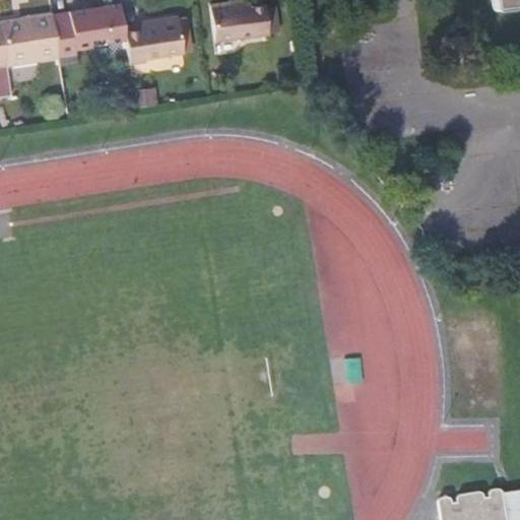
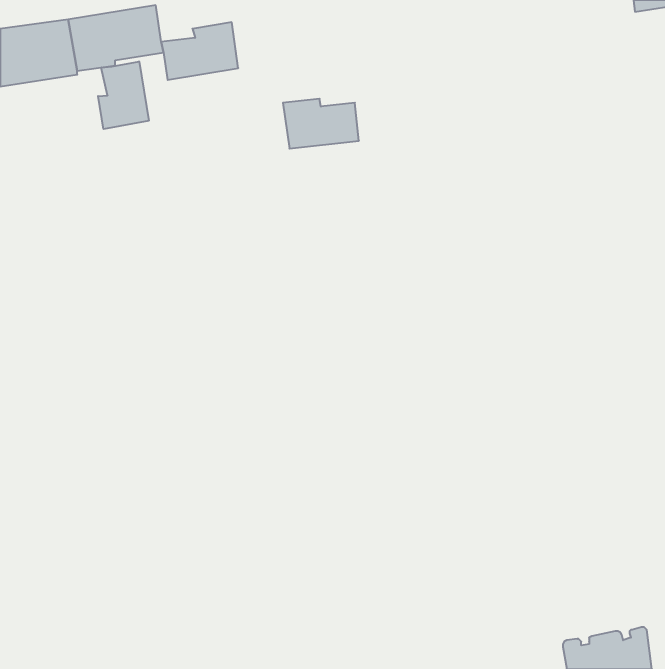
building: [201,5,260,44] -> [283,99,359,149]
building: none -> [98,61,149,129]

